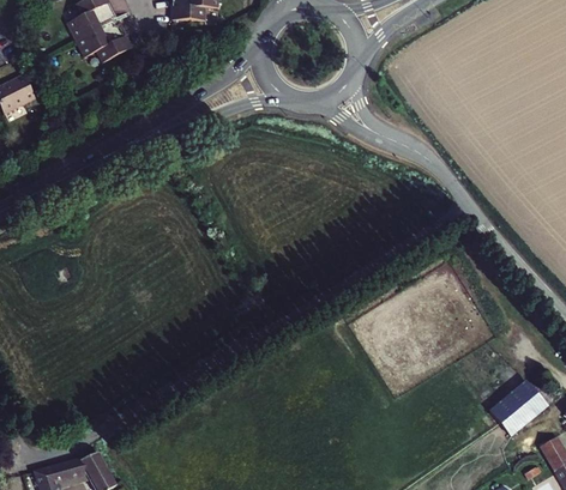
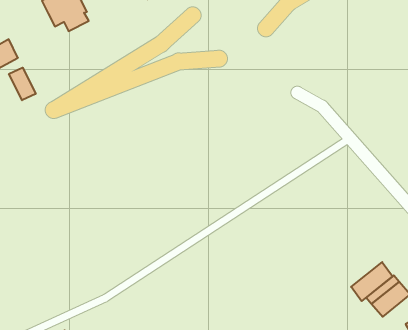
building: none -> [9,68,36,100]
building: none -> [351,262,393,301]

